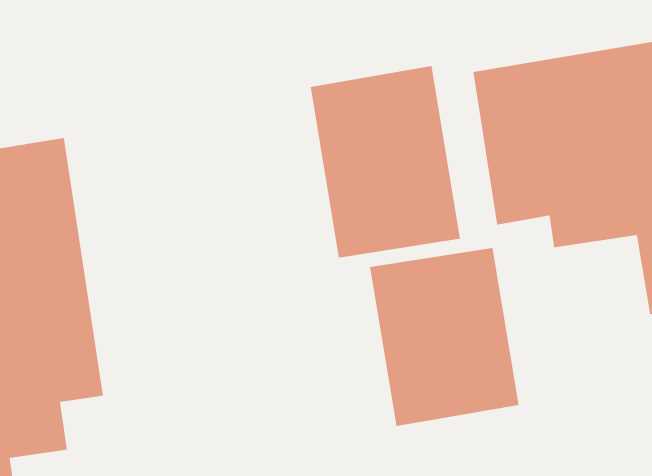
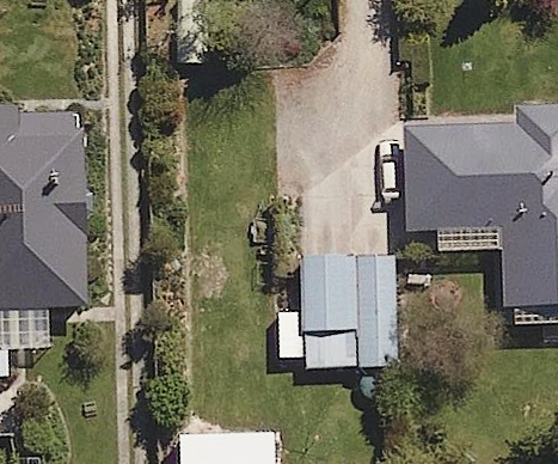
building: [310,65,461,259] -> none

